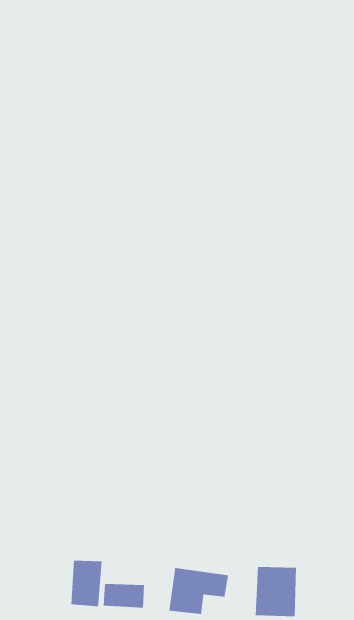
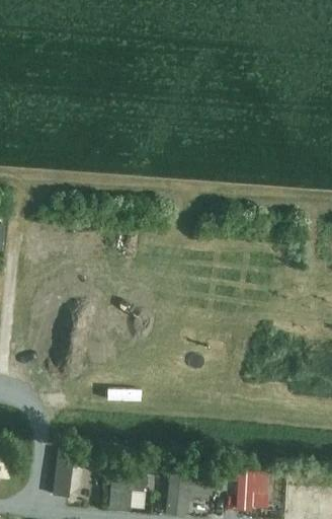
building: [71,560,103,607] -> [52,456,78,495]

